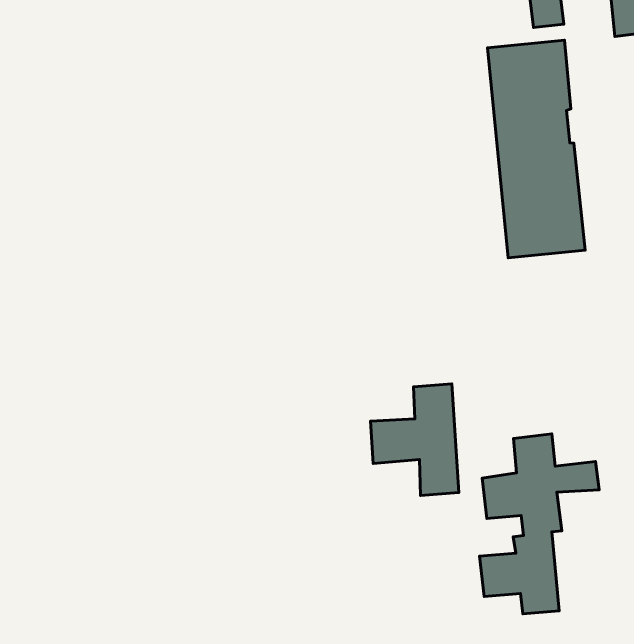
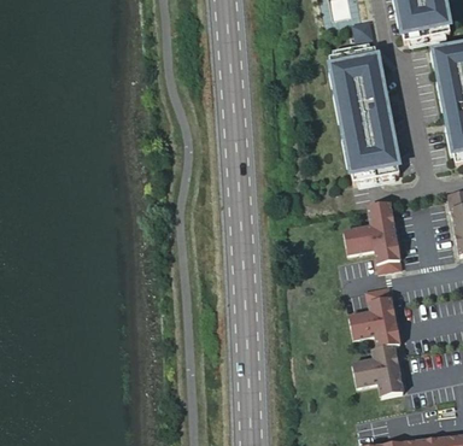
building: [371,384,459,496] -> [344,200,400,269]

